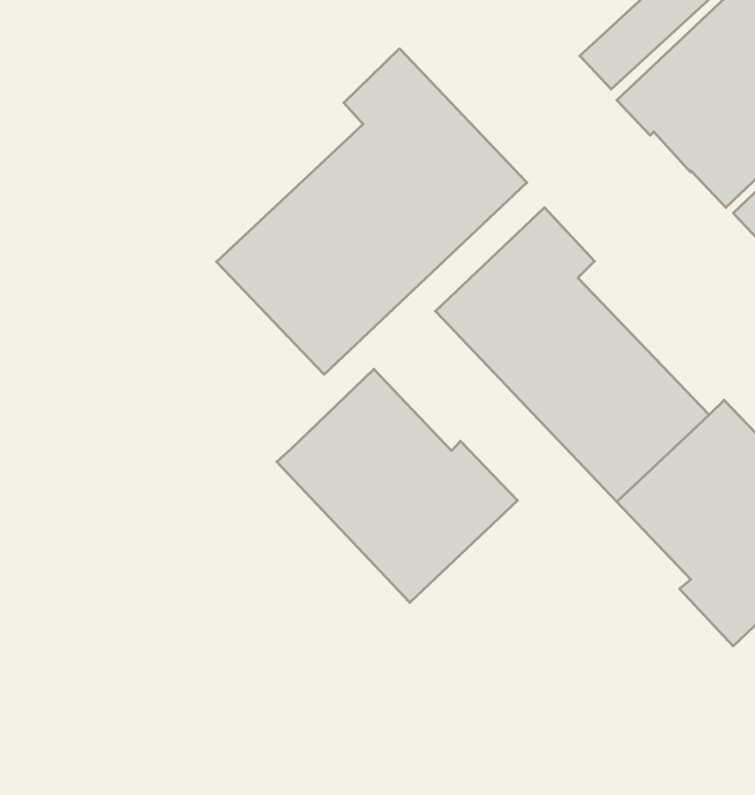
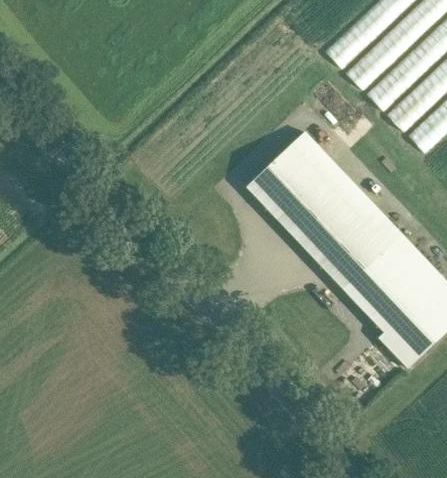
building: [216,49,527,374] -> none
building: [277,369,518,603] -> none

